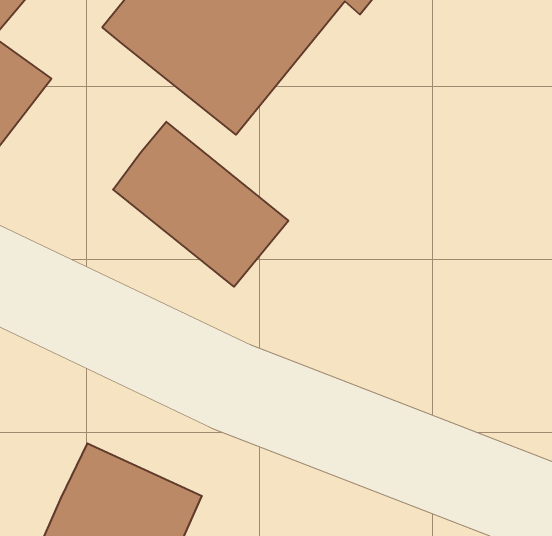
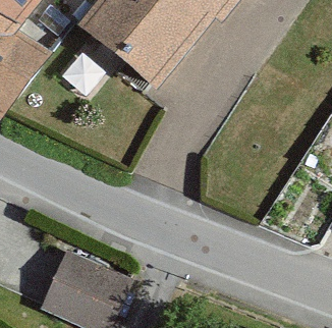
building: [113,122,288,287] -> none

